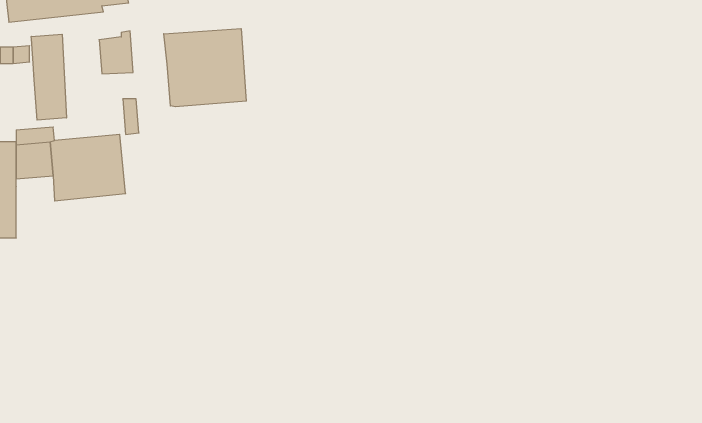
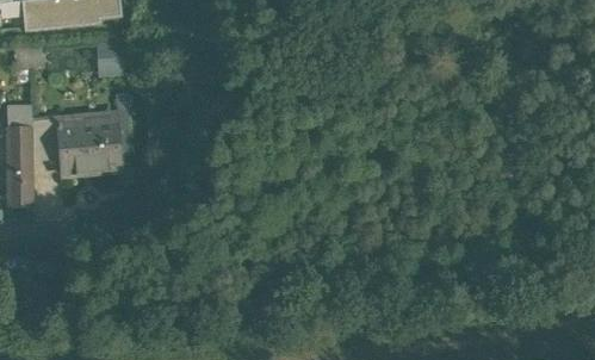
building: [164,29,246,107] -> none
building: [31,34,66,120] -> none

